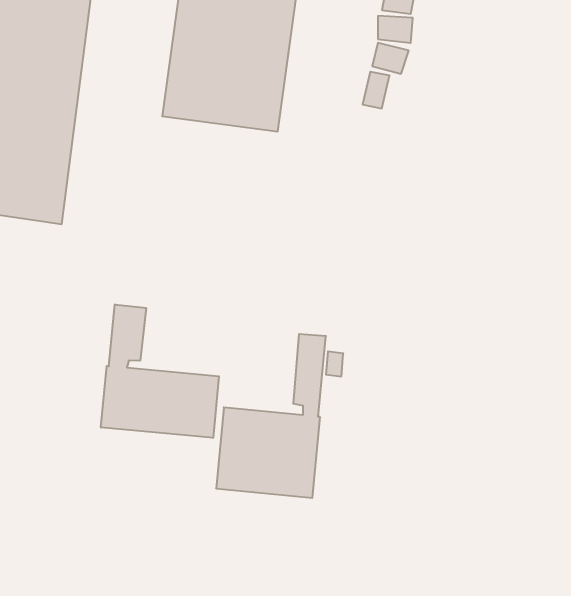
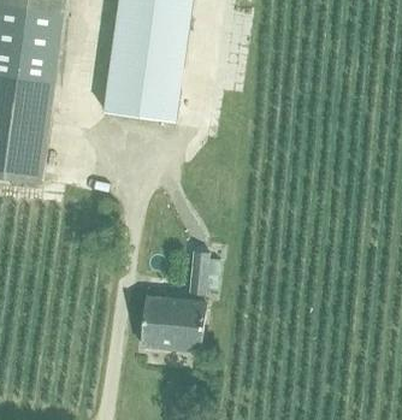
building: [101,304,219,438] -> none

